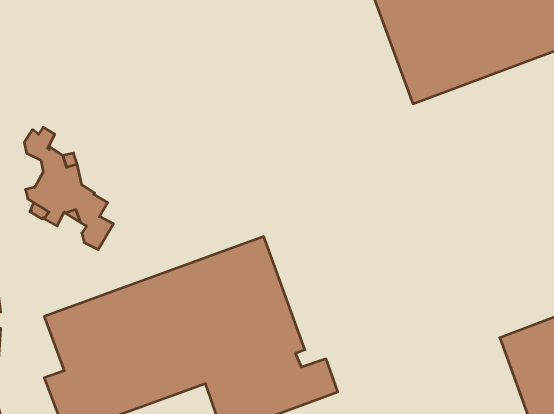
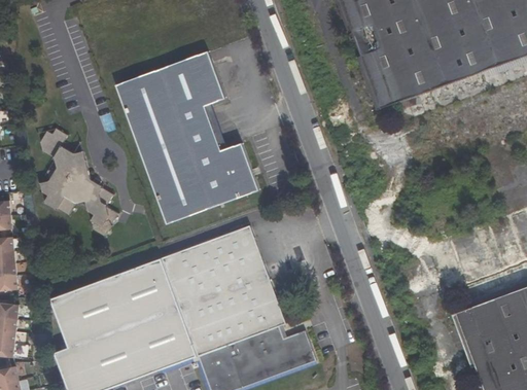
building: none -> [115,52,257,225]

